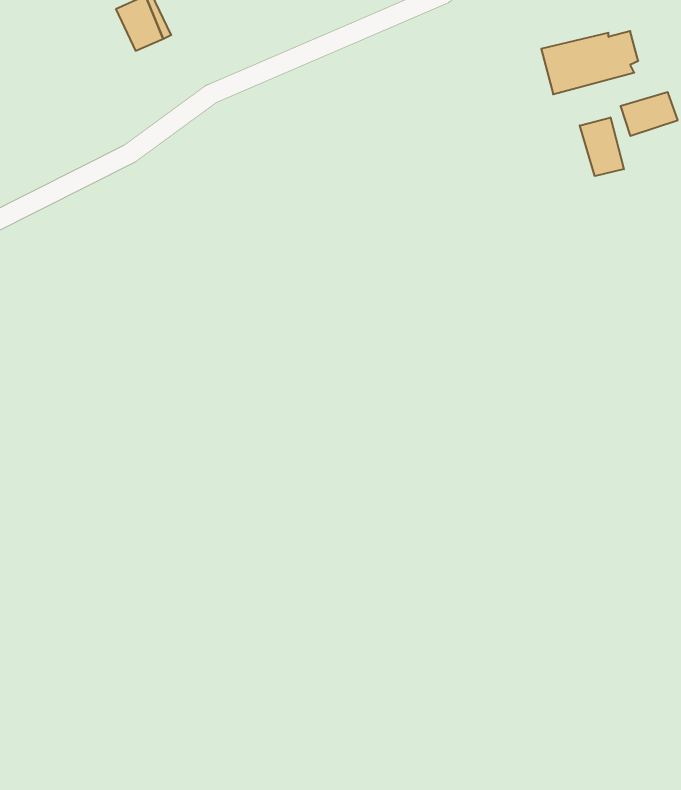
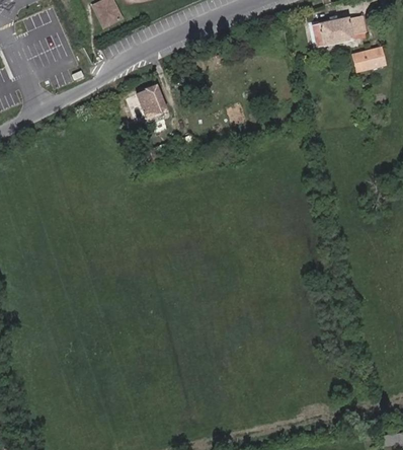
building: [580,117,624,176] -> none
building: none -> [137,86,166,120]

